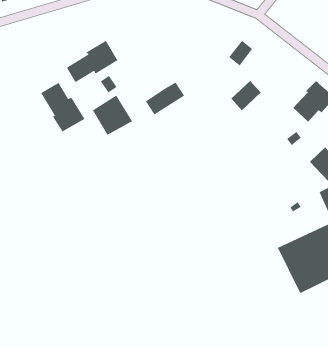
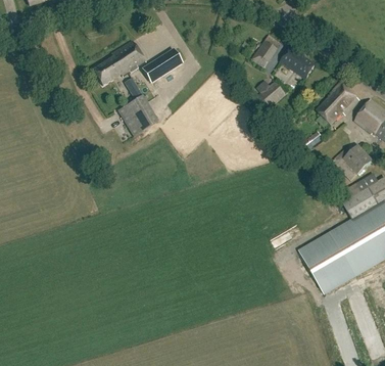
building: none -> [281,44,315,78]
building: [145,81,185,116] -> [141,49,181,83]
building: [40,82,85,132] -> none

